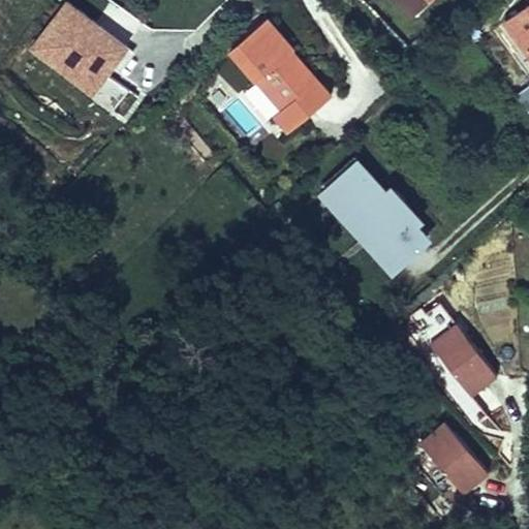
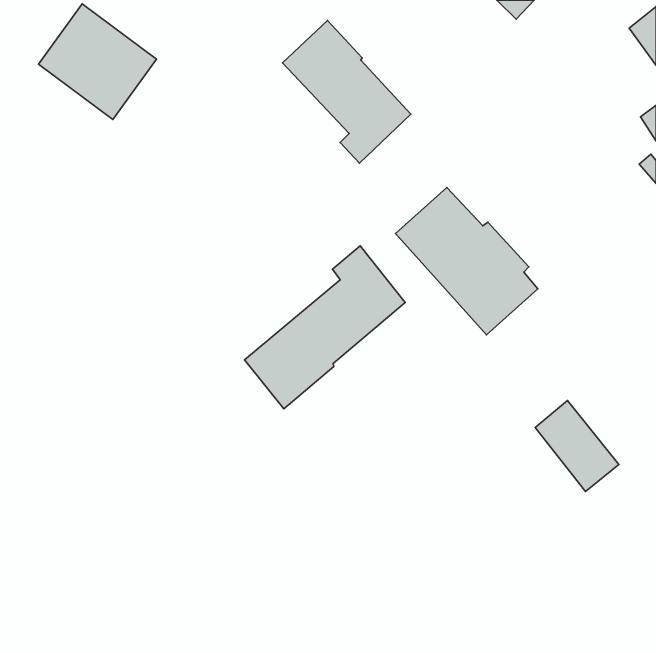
building: none -> [244,246,405,409]
building: [419,425,489,496] -> none

